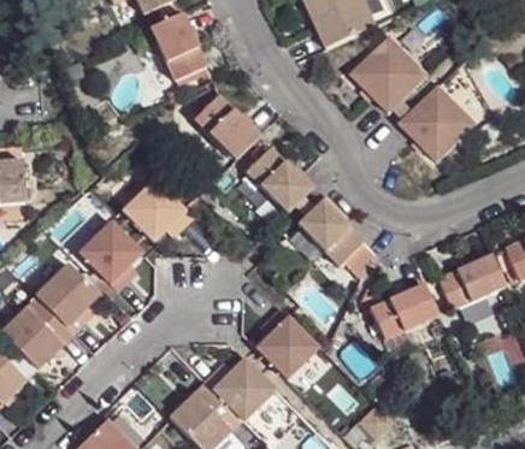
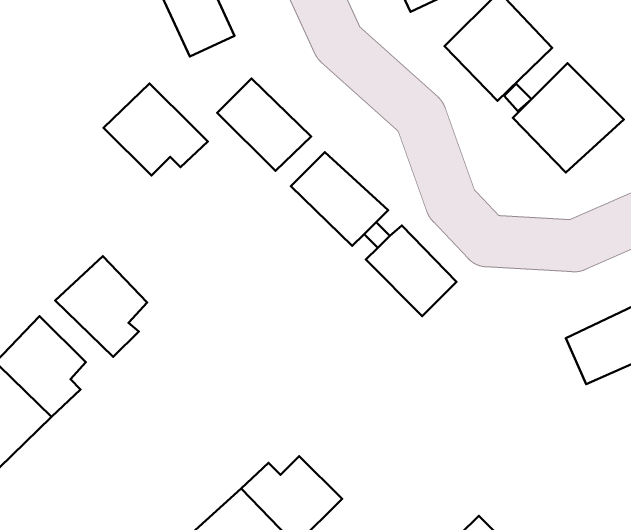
building: [120,176,194,241] -> [104,83,208,176]
building: [371,283,437,341] -> none
building: [260,309,323,380] -> none

